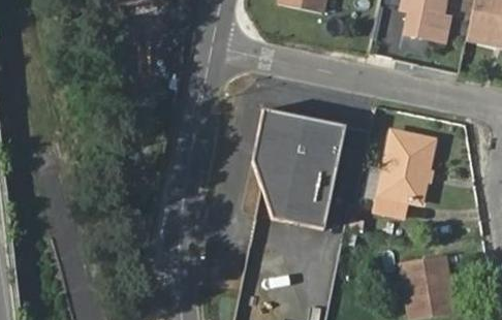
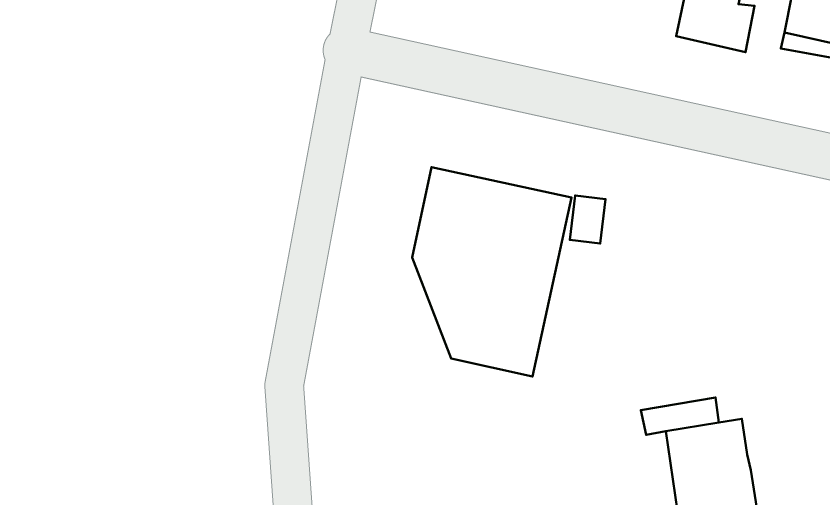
building: [375,131,433,216] -> none

